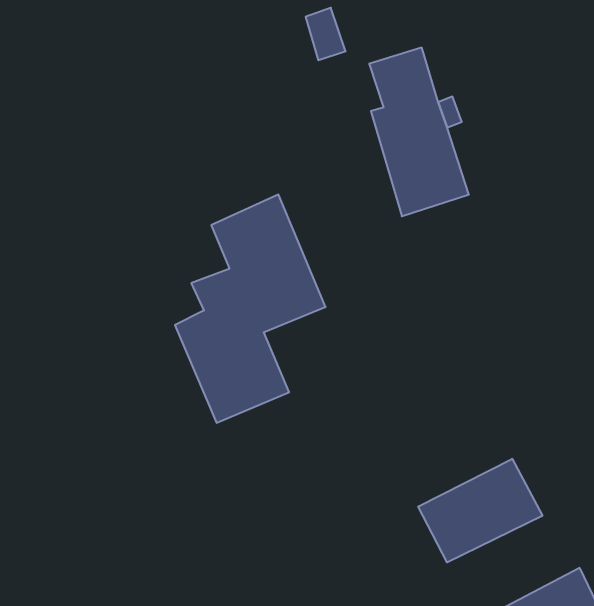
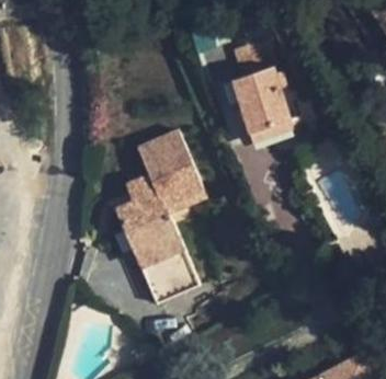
building: none -> [139,249,198,303]
building: [418,459,542,562] -> none

